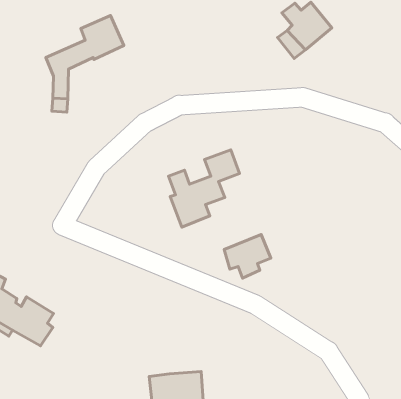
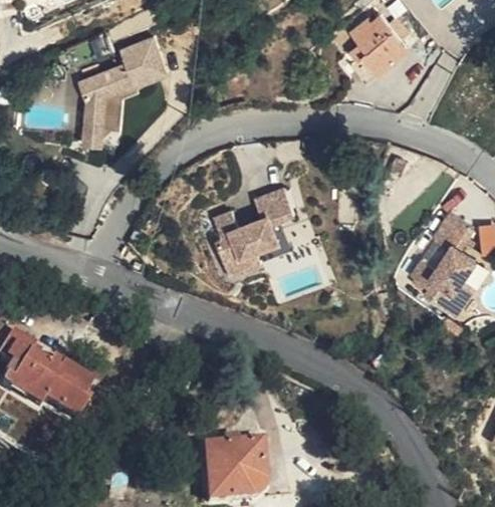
building: none -> [417,216,481,319]
building: [224,235,271,278] -> none

